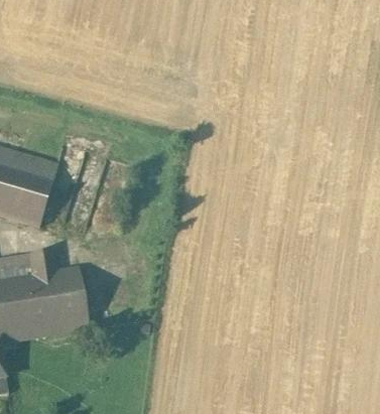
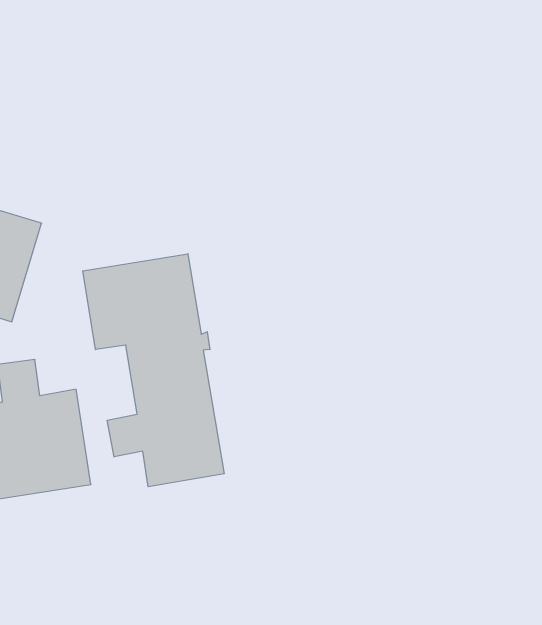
building: none -> [83,254,224,487]

